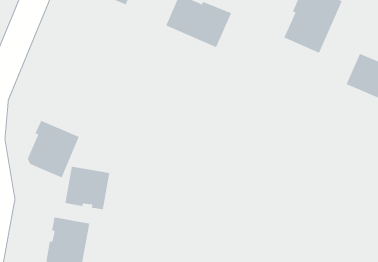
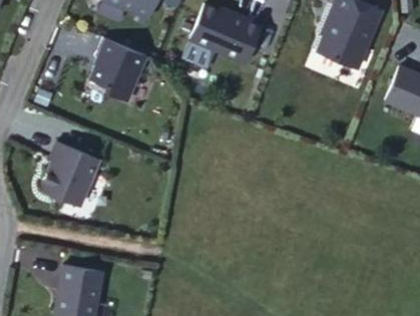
building: none -> [89,39,145,102]
building: [65,166,110,210] -> none

